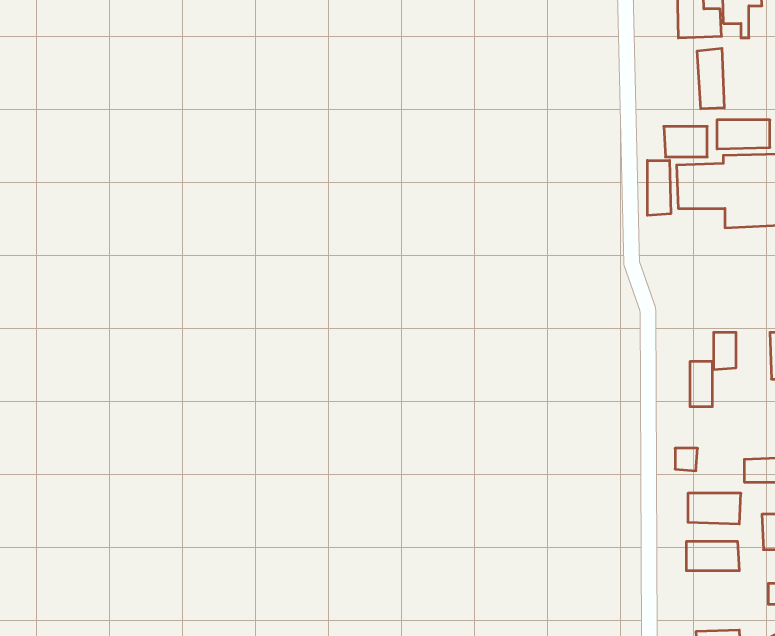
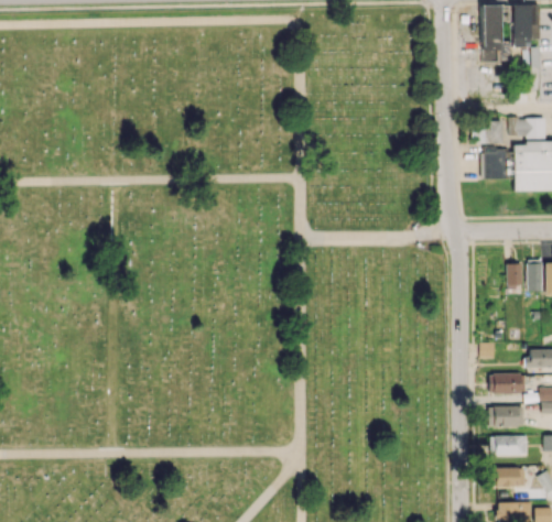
building: [697,48,724,109] -> none
building: [647,160,671,215] -> none
building: [690,362,712,407] -> [527,260,542,291]
building: none -> [490,436,528,455]

